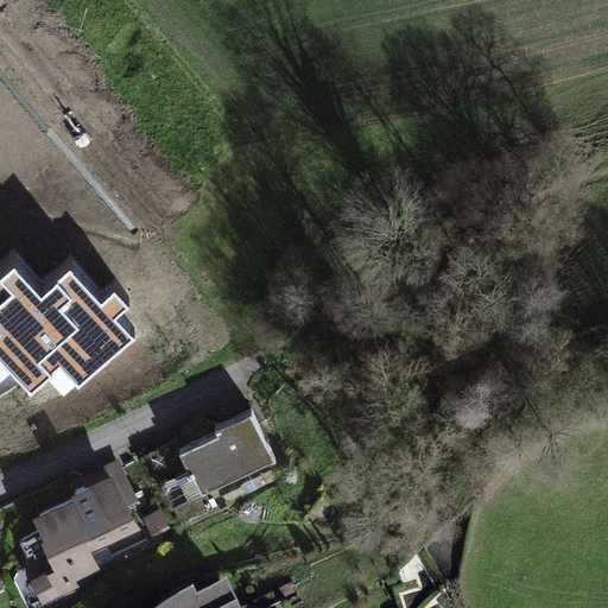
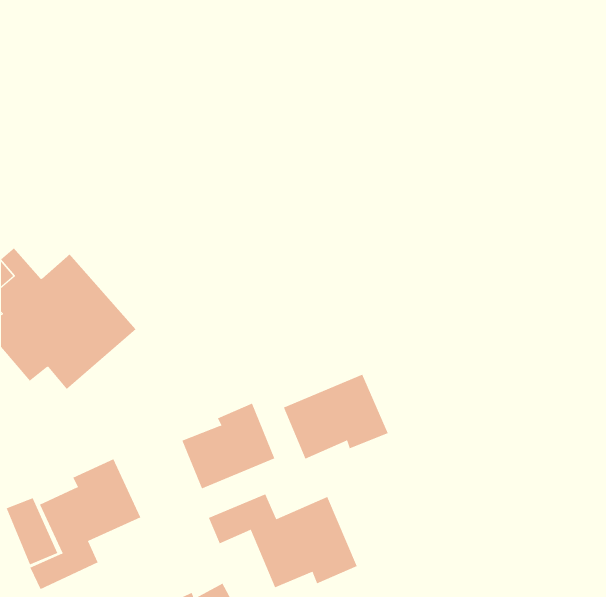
building: none -> [283,374,388,460]
building: none -> [208,493,357,588]

